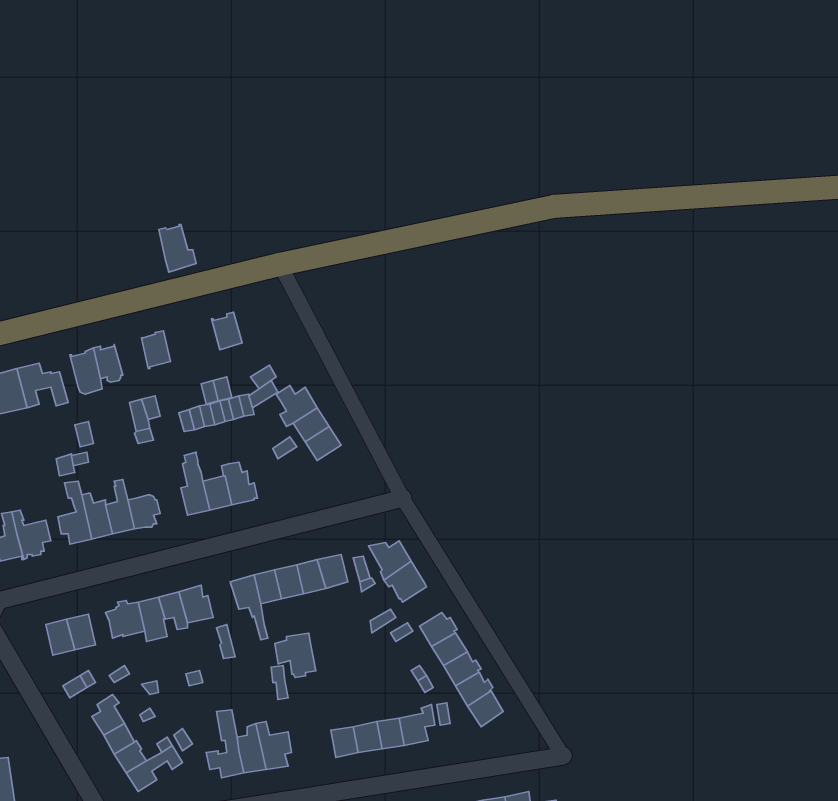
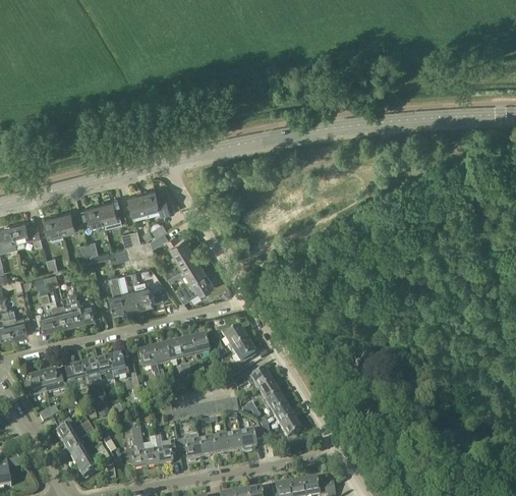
building: [159,224,196,272] -> [100,199,122,227]
building: none -> [141,187,170,213]
building: none -> [176,270,214,301]
building: [275,633,316,678] -> [178,434,203,460]

